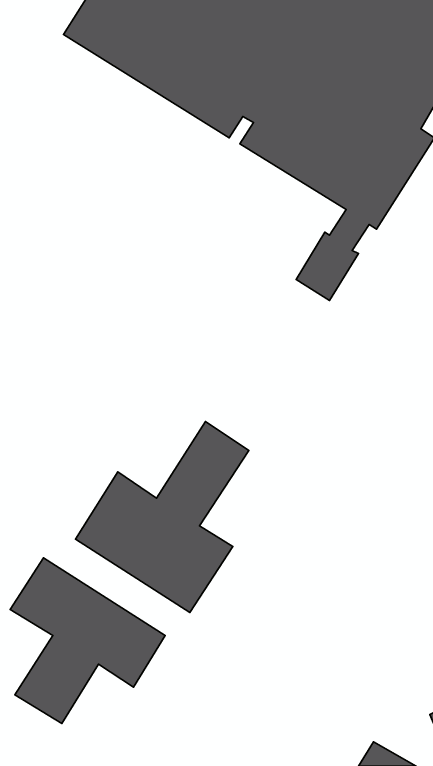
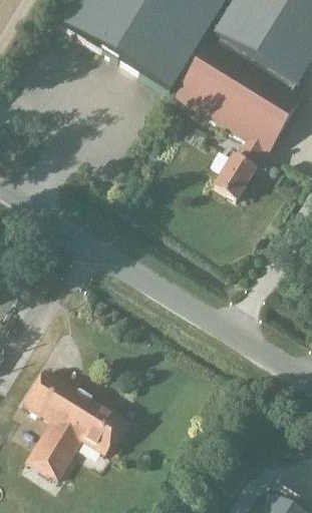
building: [75,421,249,612] -> none

